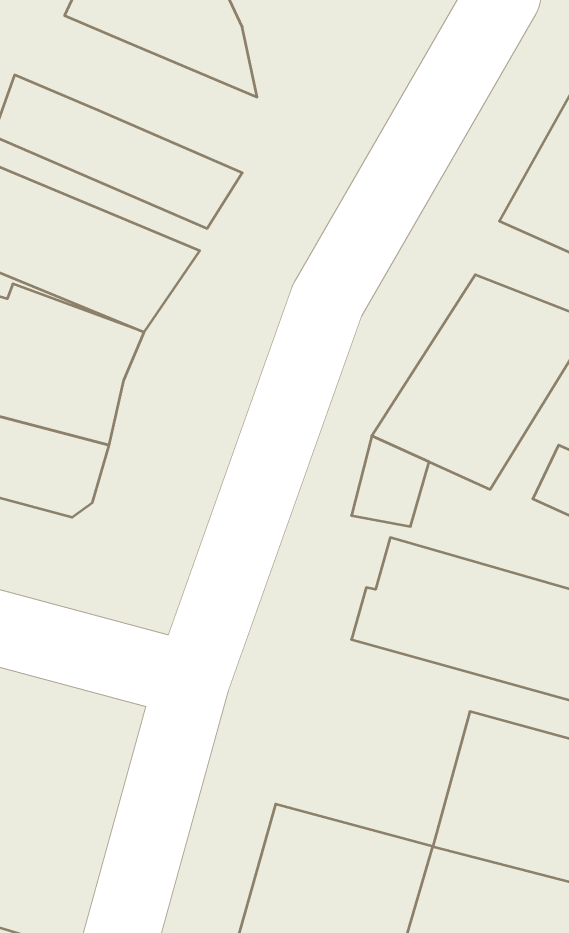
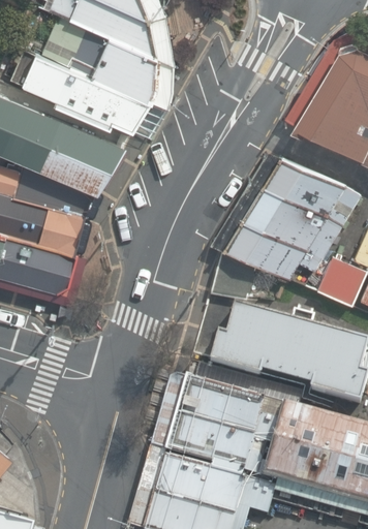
building: none -> [70,29,159,102]
building: none -> [170,379,278,478]

